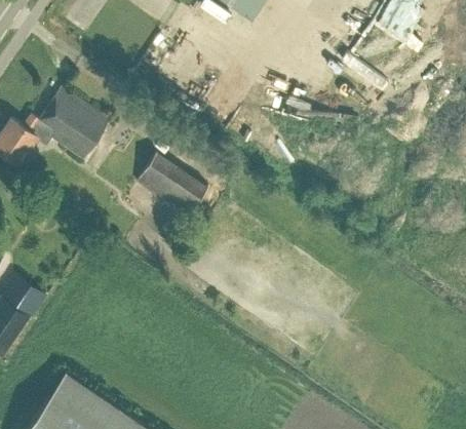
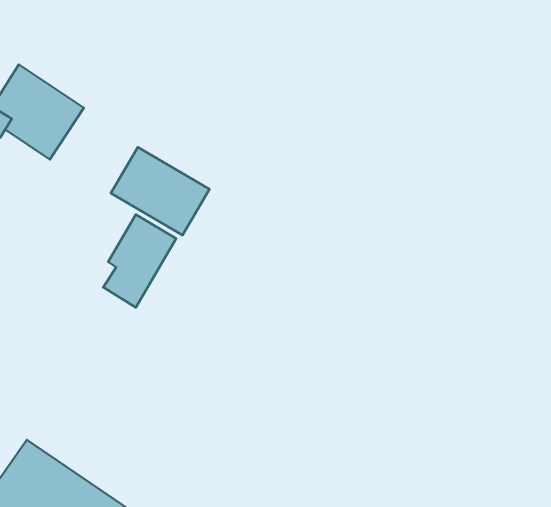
building: none -> [103,215,176,308]

